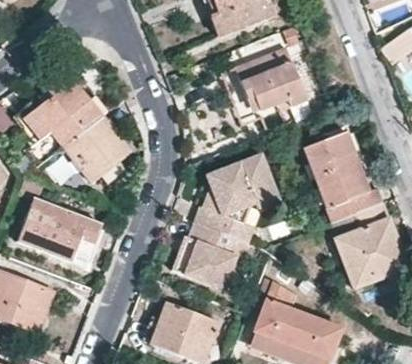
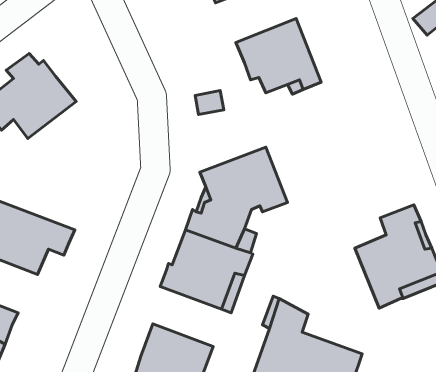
building: [62,116,130,183] -> none
building: [303,130,383,221] -> none

